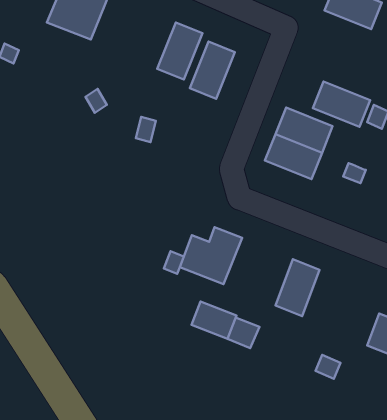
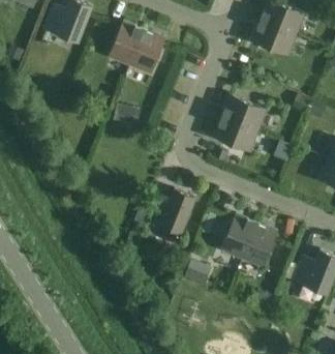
building: [190,42,235,99] -> [109,21,144,65]
building: [313,82,370,127] -> [251,20,296,55]
building: none -> [242,222,276,266]
building: [191,302,236,339] -> none

